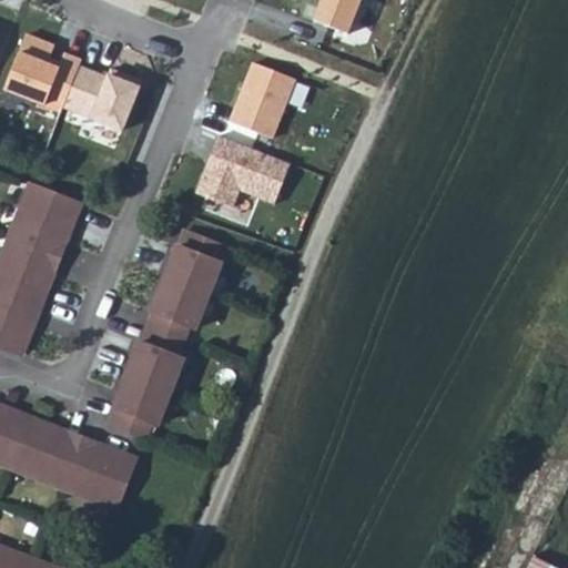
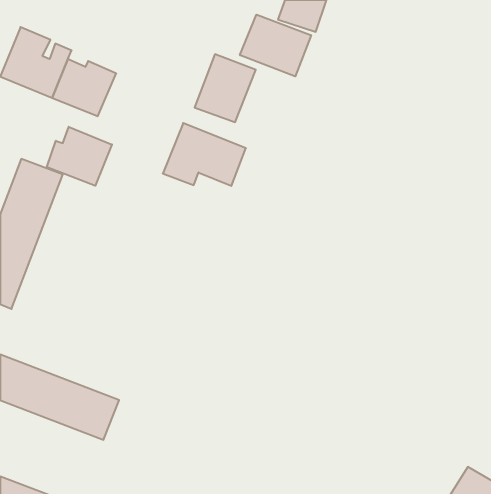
building: none -> [240,15,311,76]
building: none -> [47,127,112,186]
building: [106,232,216,439] -> none

